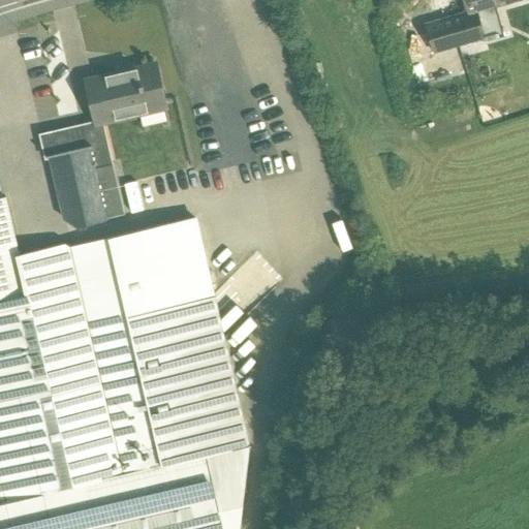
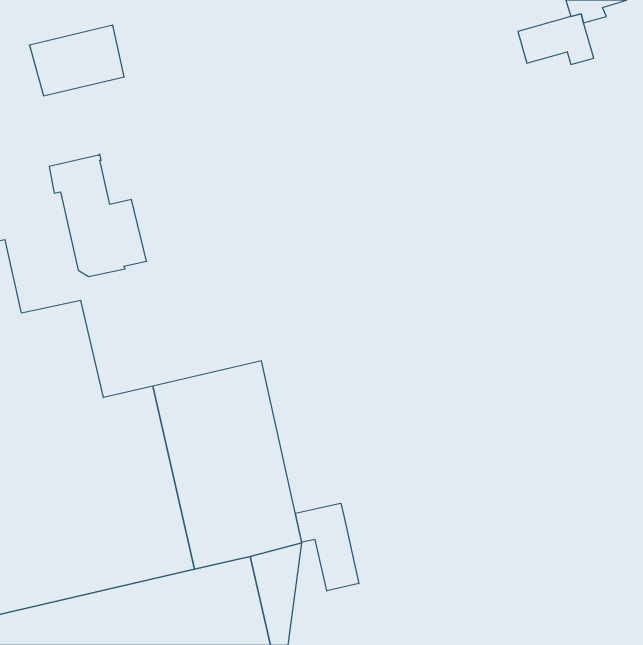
building: [87,65,164,123] -> [29,25,124,96]
building: [82,127,108,167] -> none
building: [66,215,214,325] -> none
building: none -> [295,503,359,591]

